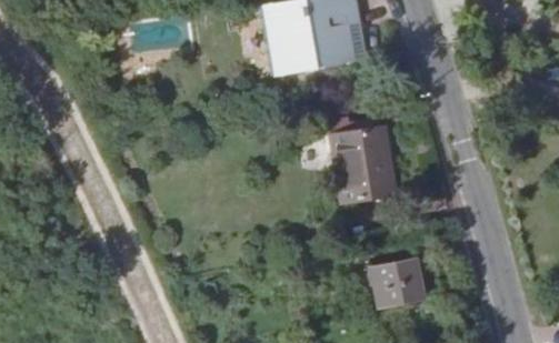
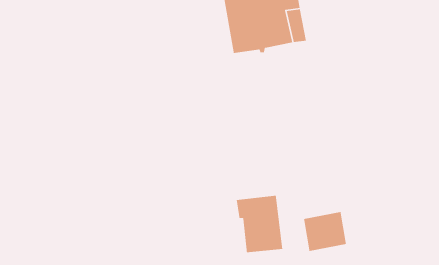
building: [338,127,395,196] -> [236,195,283,253]

